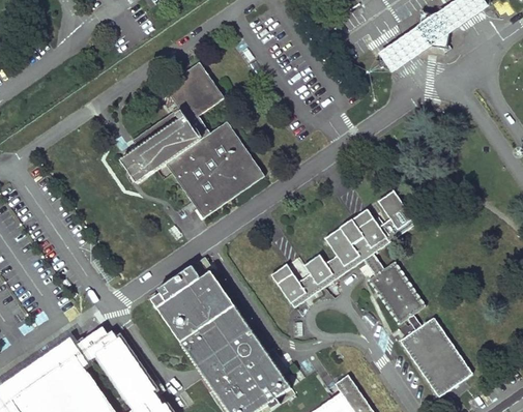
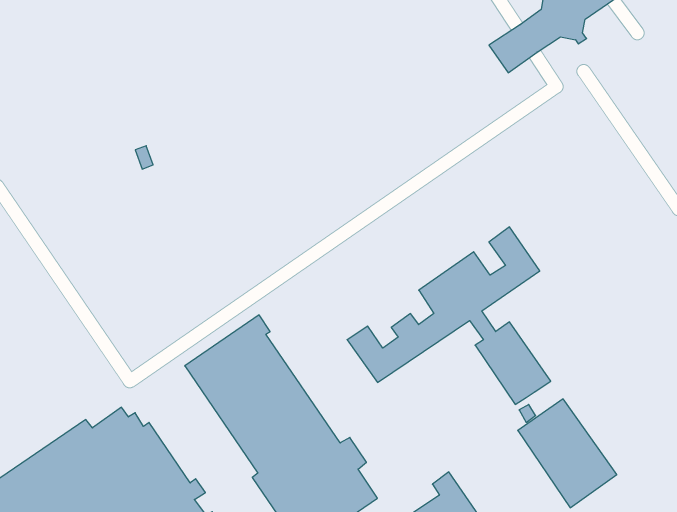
building: [121,61,264,217] -> none

